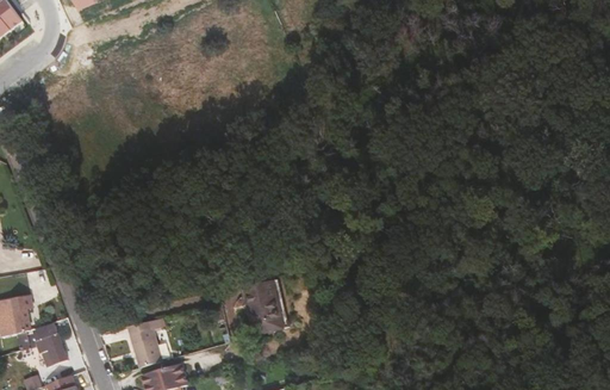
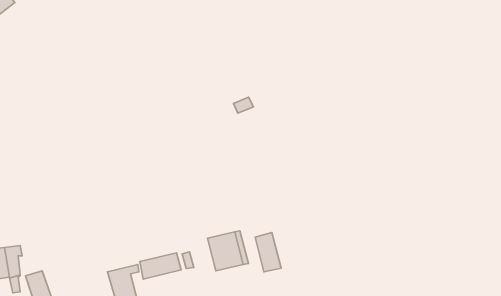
building: none -> [255,233,281,272]
building: none -> [140,253,181,279]

